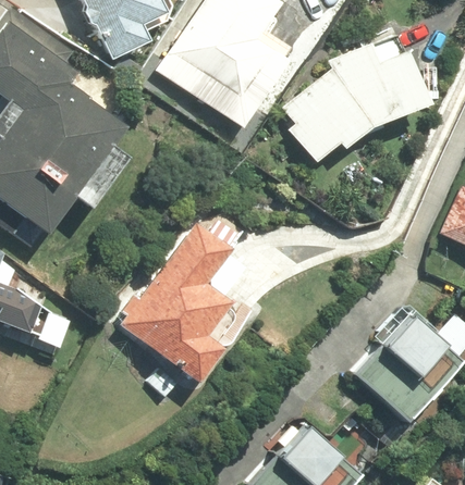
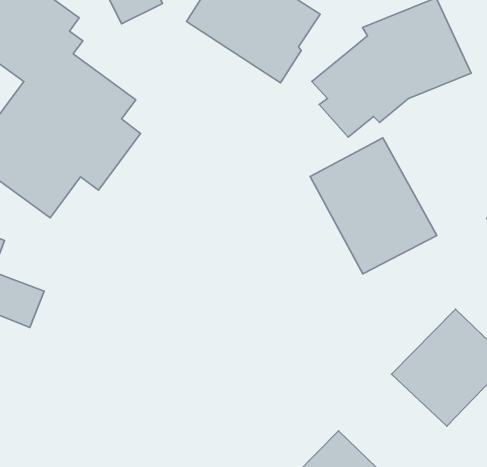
building: none -> [310,138,437,274]
building: [120,226,234,378] -> none

